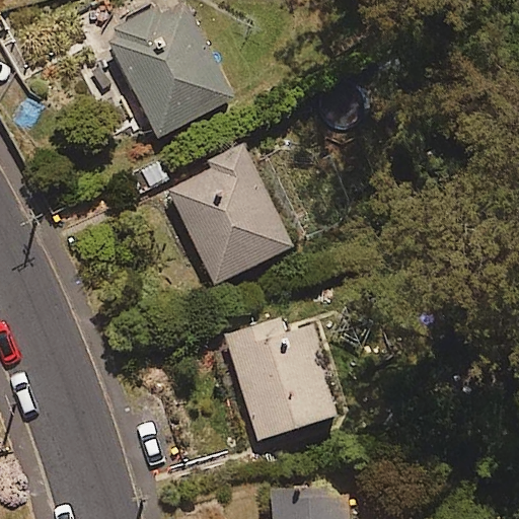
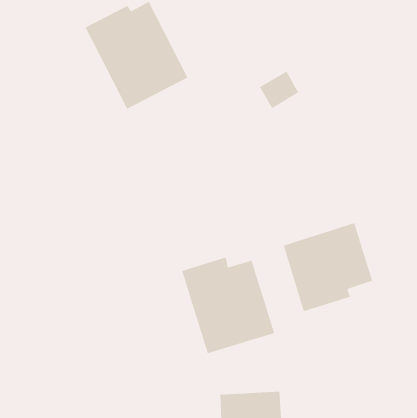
building: [167,143,292,284] -> none
building: none -> [283,222,373,312]

